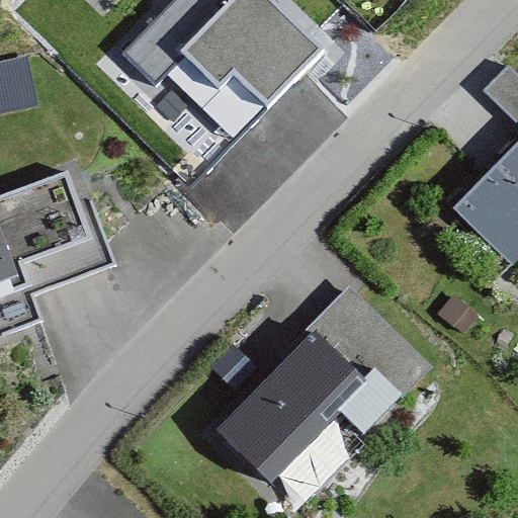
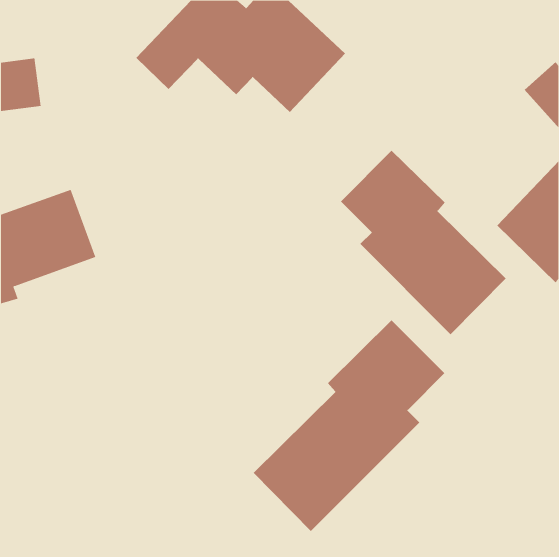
building: none -> [340,150,506,335]

